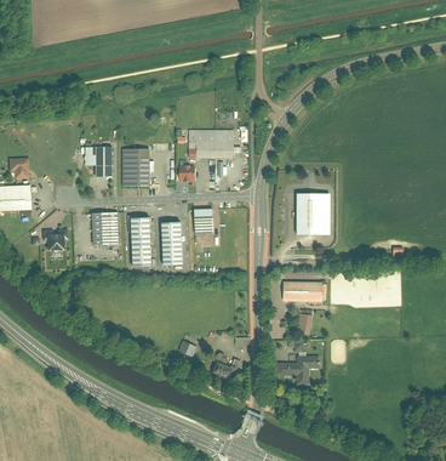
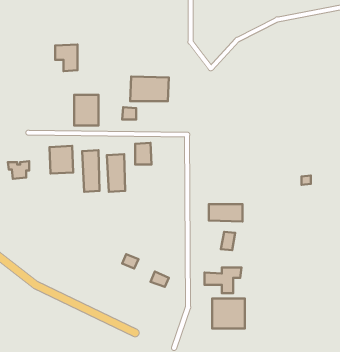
building: [85,147,112,178] -> [55,45,78,71]
building: [297,193,330,234] -> none
building: none -> [212,298,245,328]

